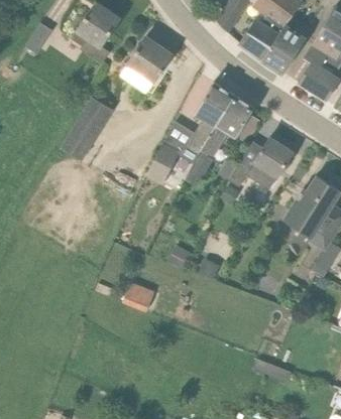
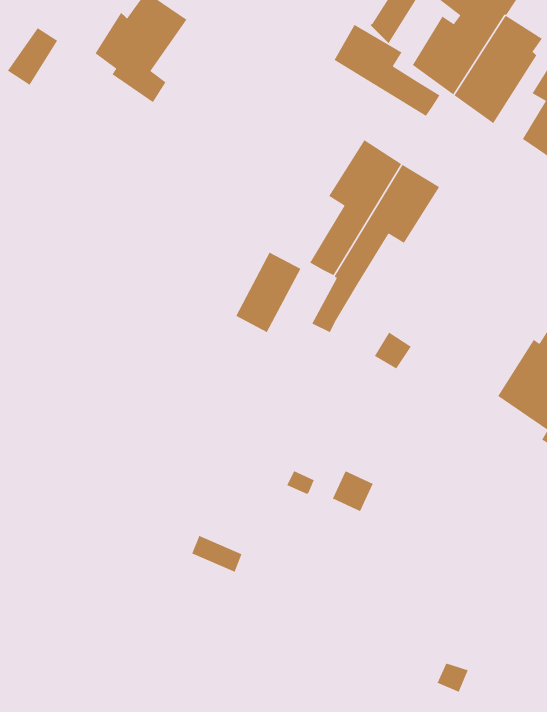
building: none -> [333,24,441,117]
building: [126,36,173,85] -> none
building: [61,98,113,161] -> none
building: [228,137,293,189] -> none

